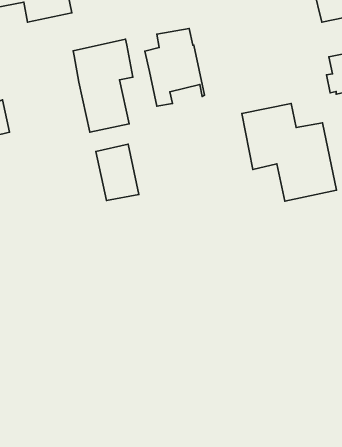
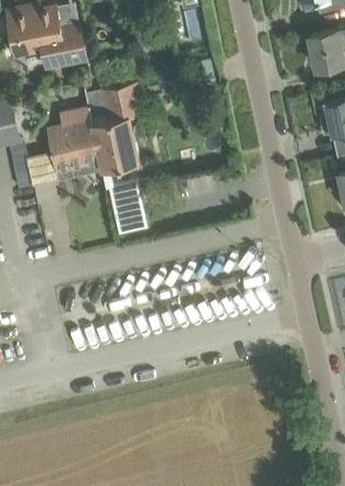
building: [145,28,205,106] -> [47,109,103,181]
building: [242,104,336,201] -> none

